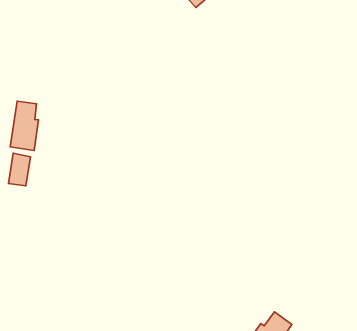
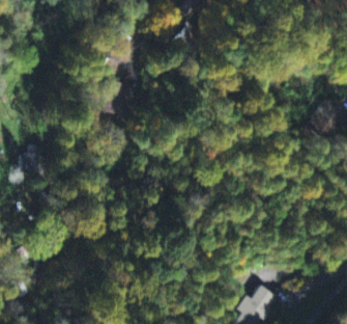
building: [10,101,39,151] -> none

